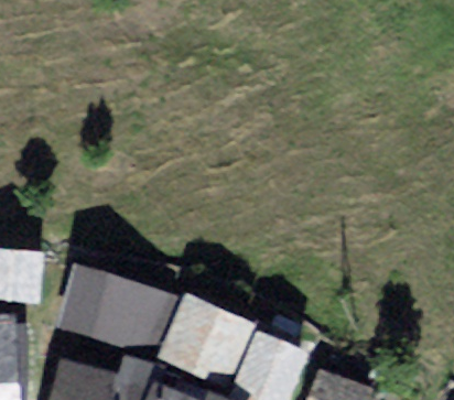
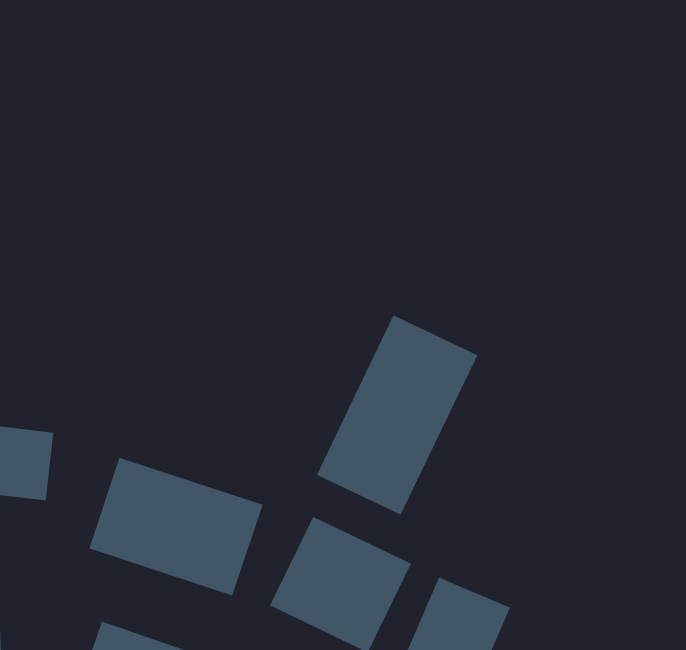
building: none -> [316,314,478,516]

